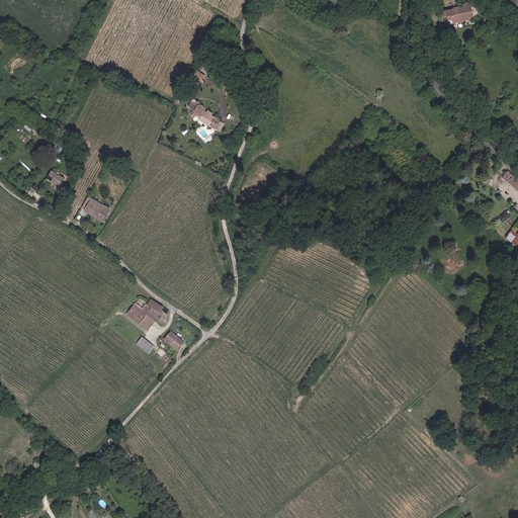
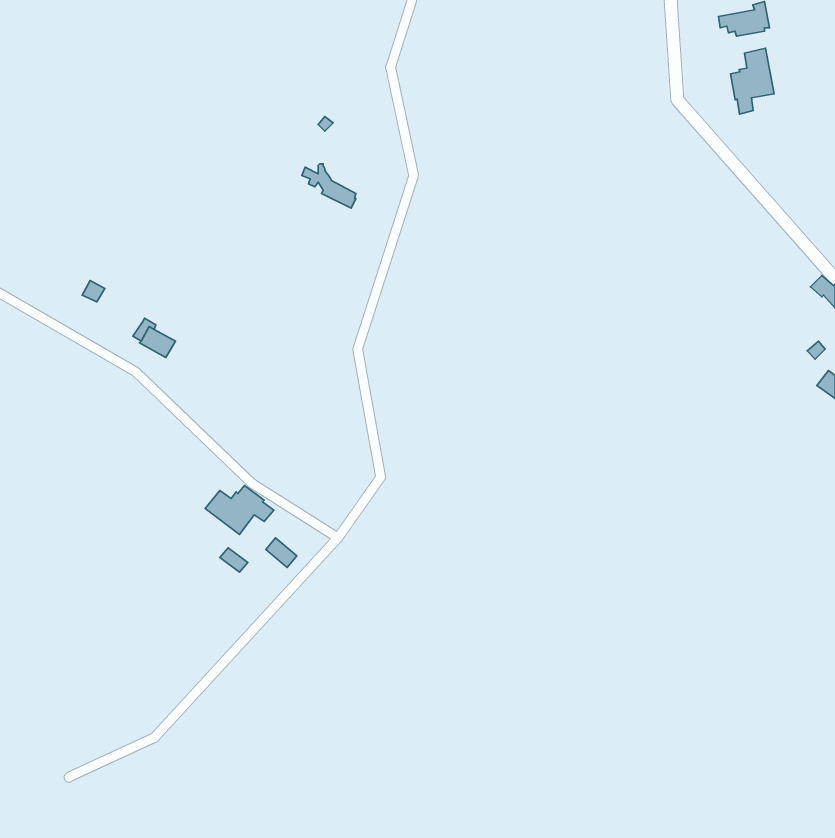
building: none -> [730,48,774,114]

